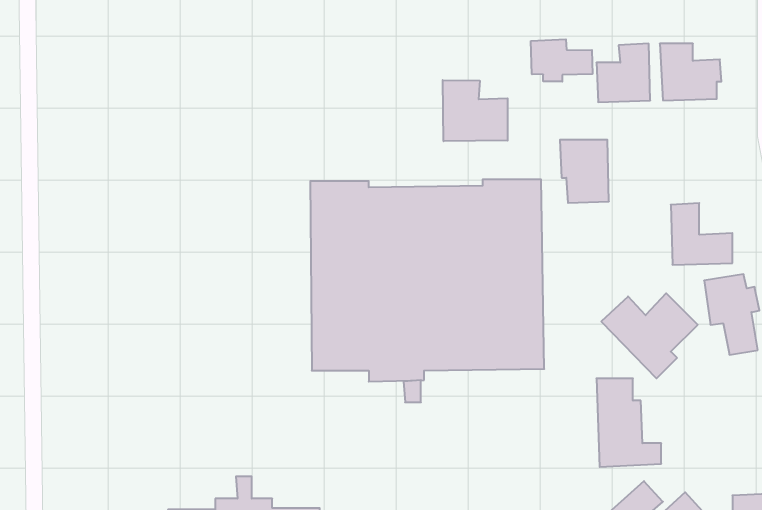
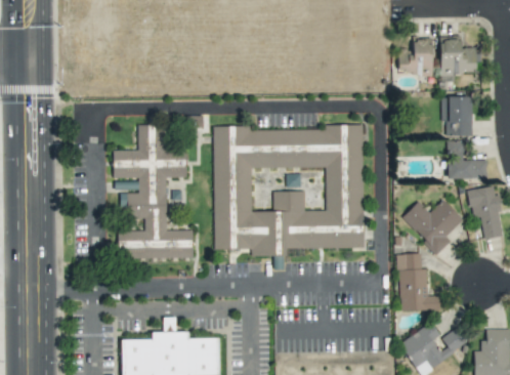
building: [531,39,592,82] -> none
building: [443,80,508,141] -> none
building: [560,140,609,203] -> [441,96,473,137]
building: none -> [114,125,194,259]

